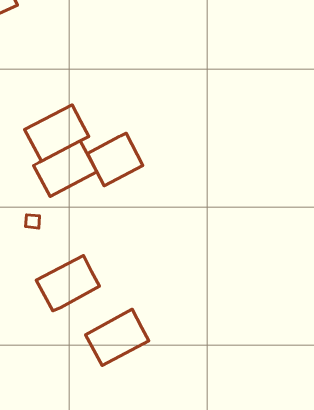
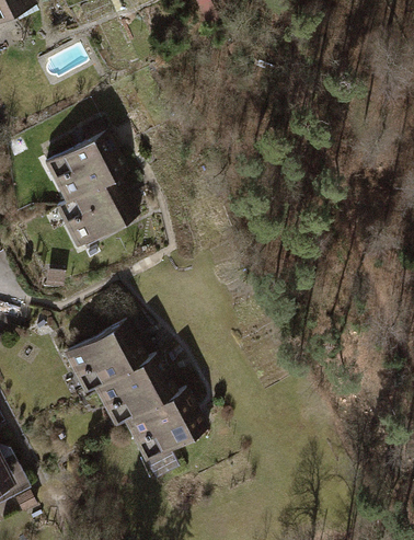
building: [88,133,143,186] -> none
building: none -> [95,353,174,422]

